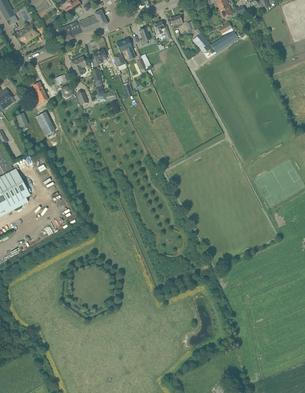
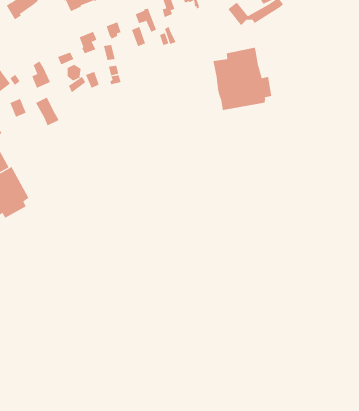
building: none -> [213,47,272,111]

